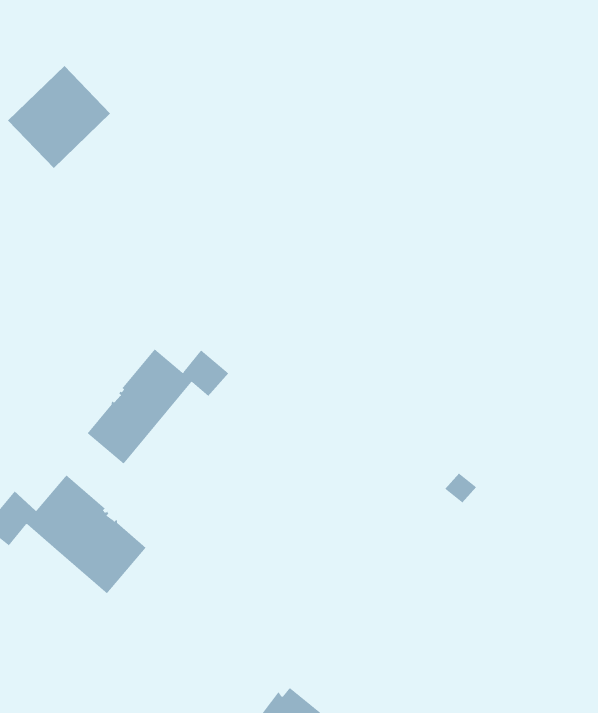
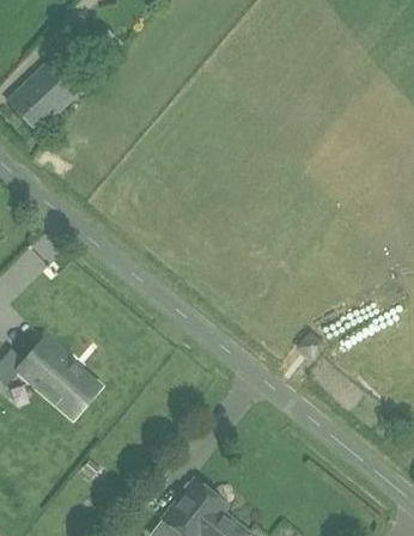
building: [87,348,229,465] -> none

